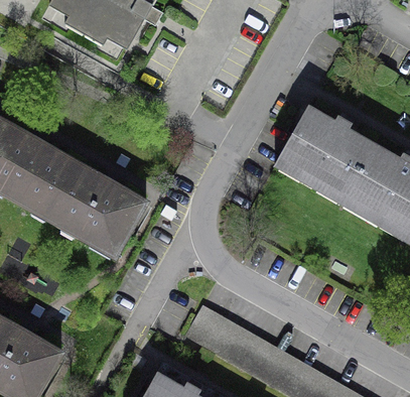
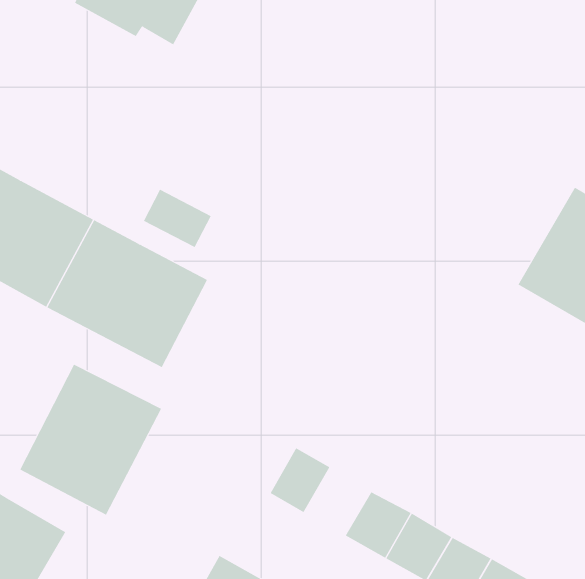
building: [272,105,374,204] -> none
building: none -> [143,189,211,248]
building: none -> [19,364,162,516]
building: [207,316,248,359] -> none

